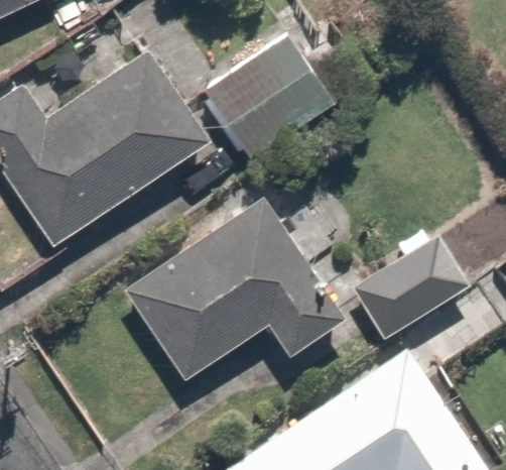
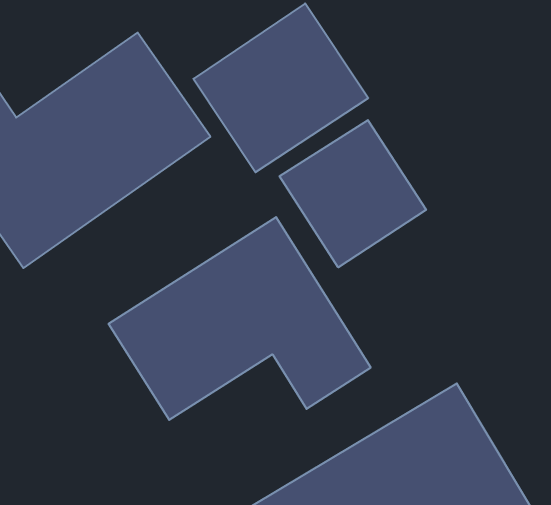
building: none -> [280,120,426,267]
building: [351,237,469,342] -> none

